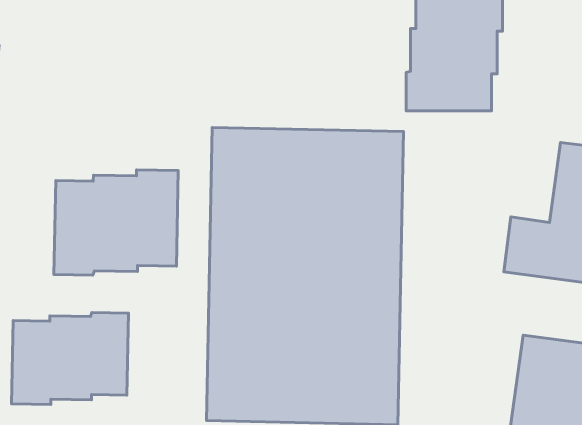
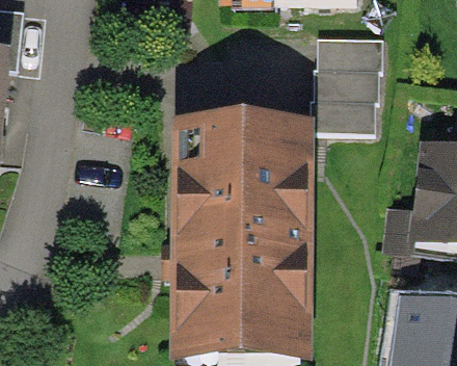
building: [54,170,178,275] -> none
building: [12,313,128,404] -> none

